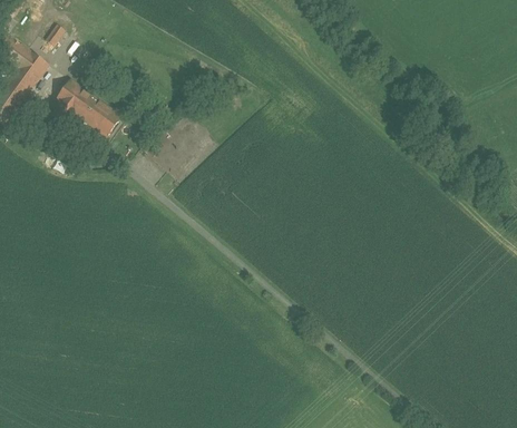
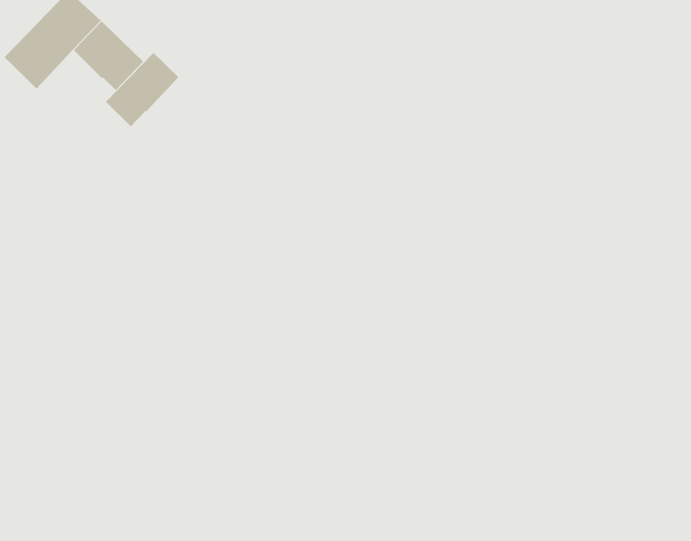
building: none -> [105,52,179,127]

